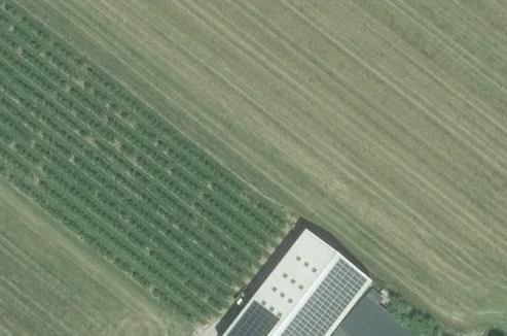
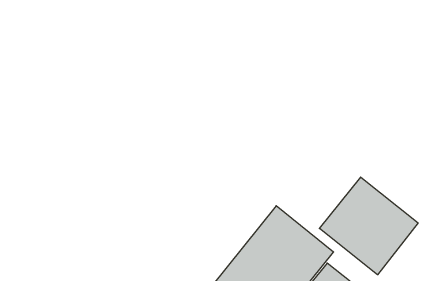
building: none -> [319,177,418,275]

